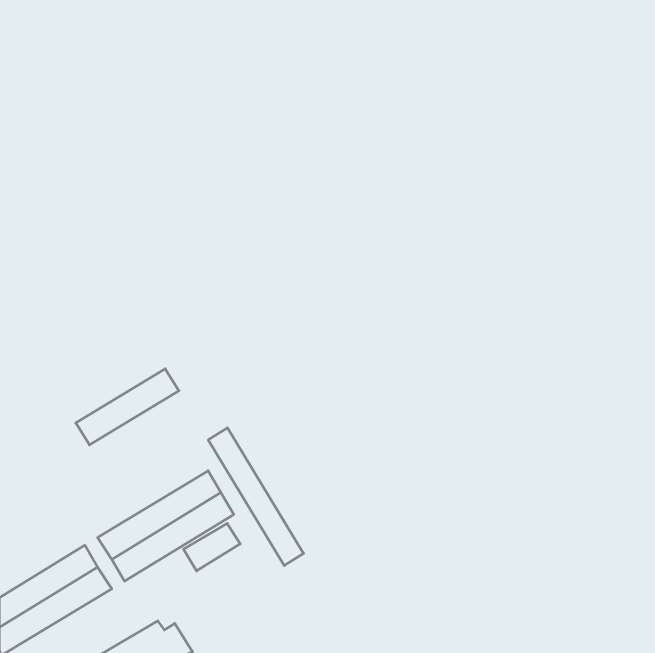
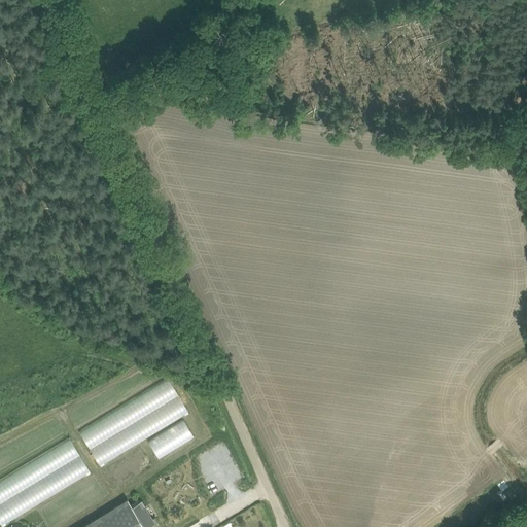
building: [76,369,179,445] -> none
building: [208,428,304,566] -> none

